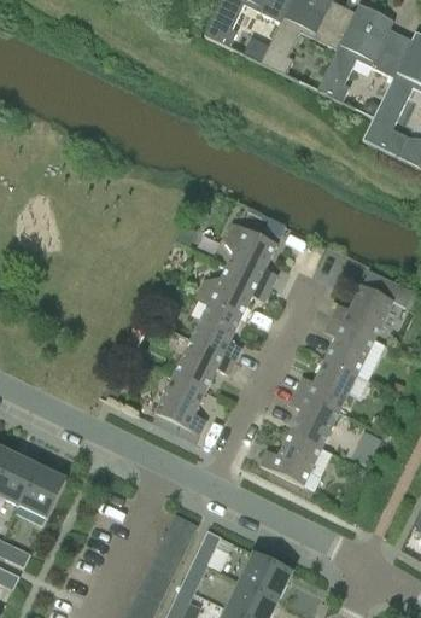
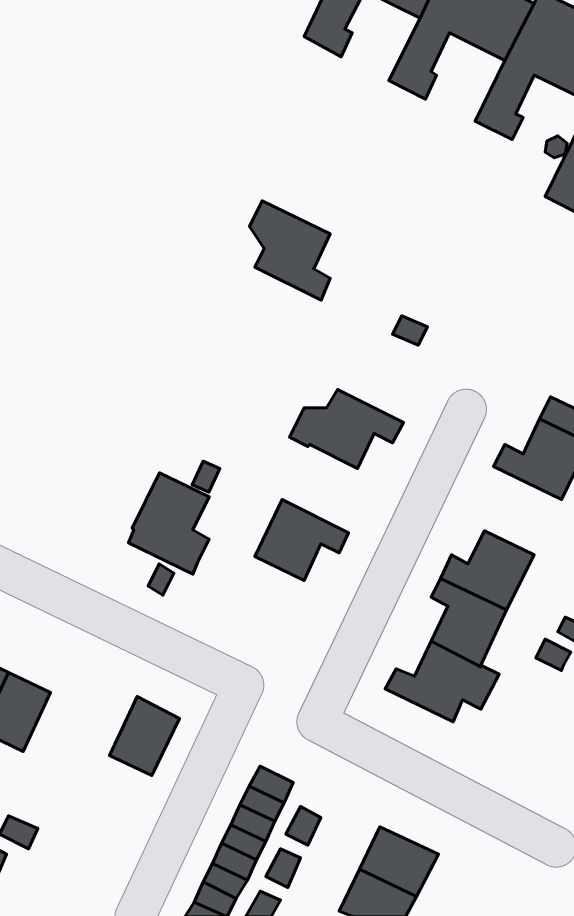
building: [223,222,276,287] -> [249,201,330,300]
building: [191,302,241,360] -> none
building: [323,316,374,374] -> none
building: [152,375,205,442] -> [128,473,209,574]
building: [21,465,66,517] -> [110,697,179,776]

